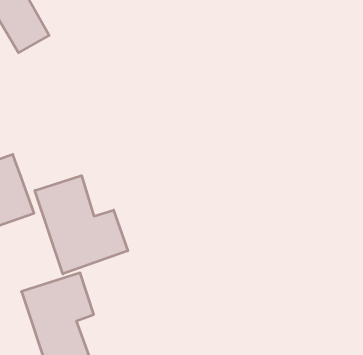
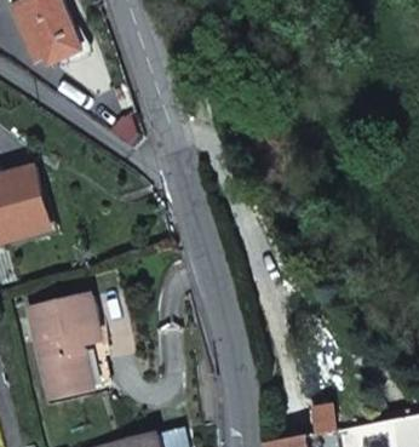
building: [35,176,128,274] -> none

